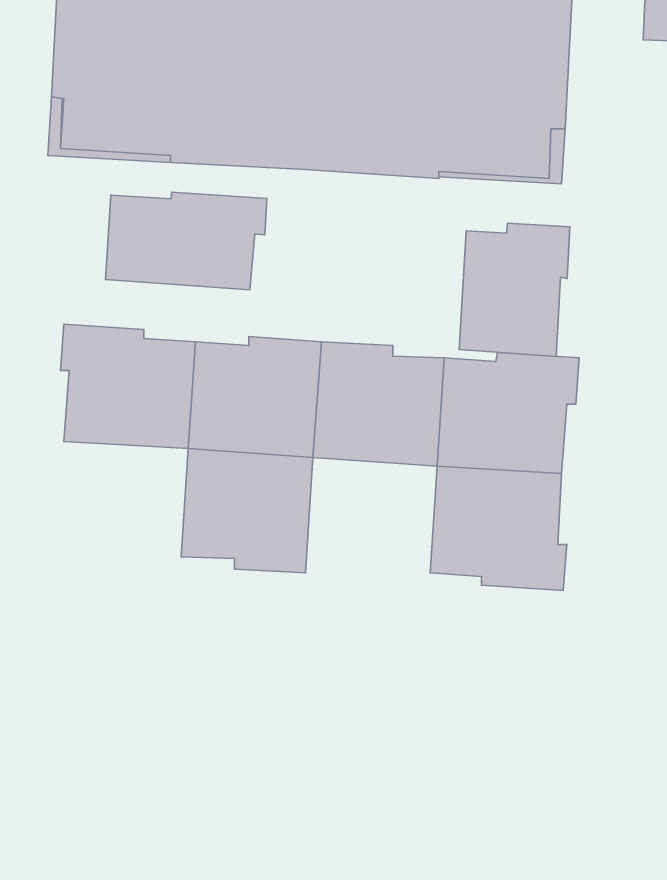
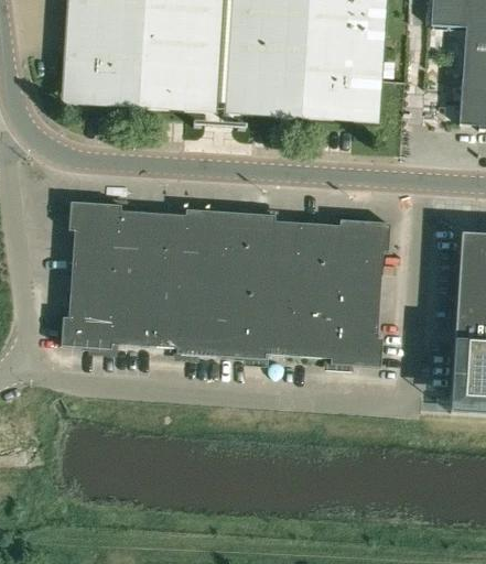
building: [105,192,267,290] -> none
building: [459,223,570,356] -> none
building: none -> [62,274,149,349]
building: none -> [222,284,303,359]

